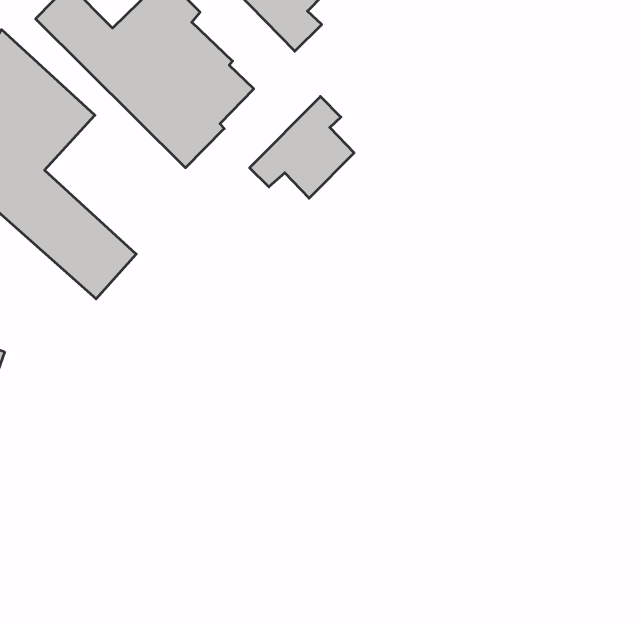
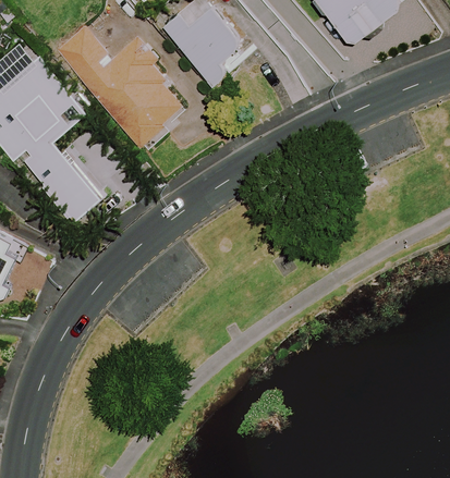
building: [250,96,354,198] -> none

